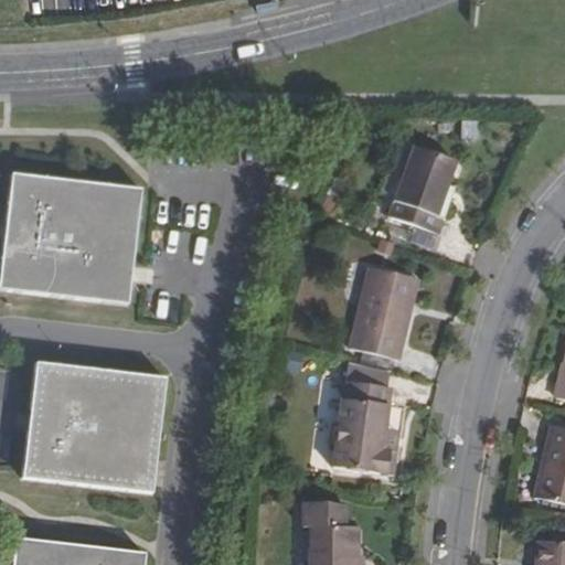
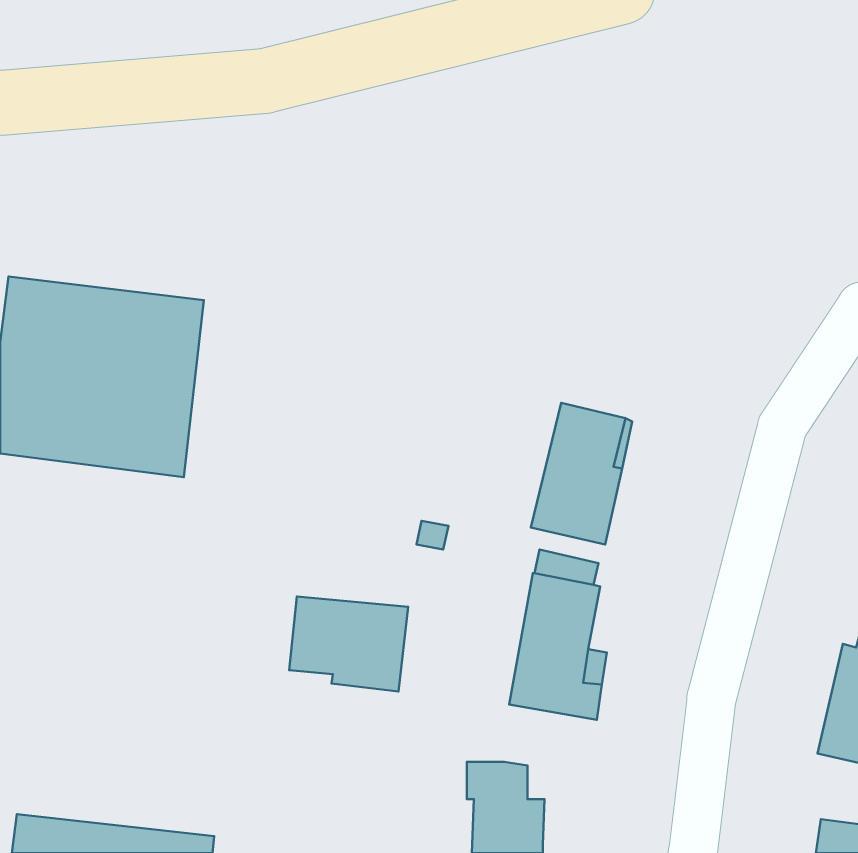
building: [391,145,455,230] -> none
building: [23,372,164,501] -> none
building: none -> [289,597,408,692]

